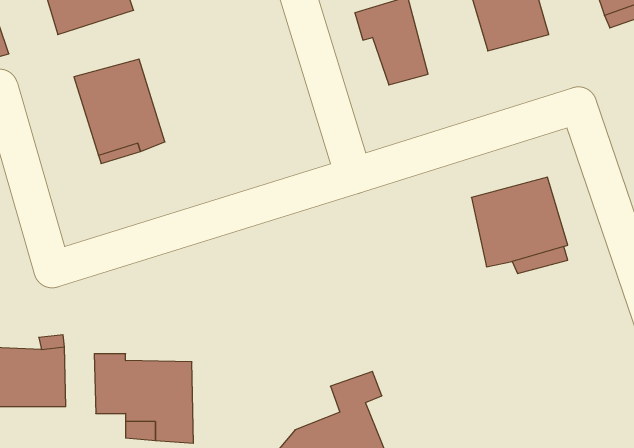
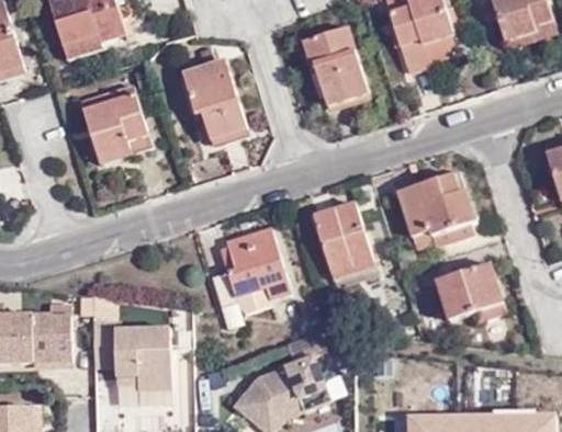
building: none -> [186,61,246,138]
building: none -> [310,205,373,283]
building: none -> [207,231,289,315]
building: none -> [434,268,502,329]

